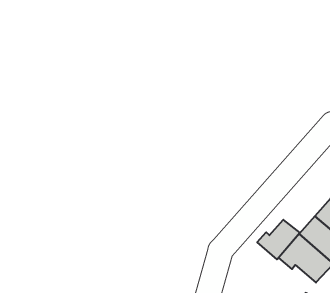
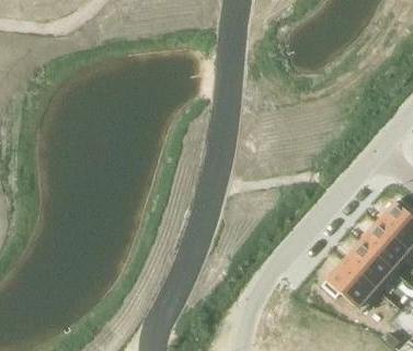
building: [257,220,300,259] -> none

